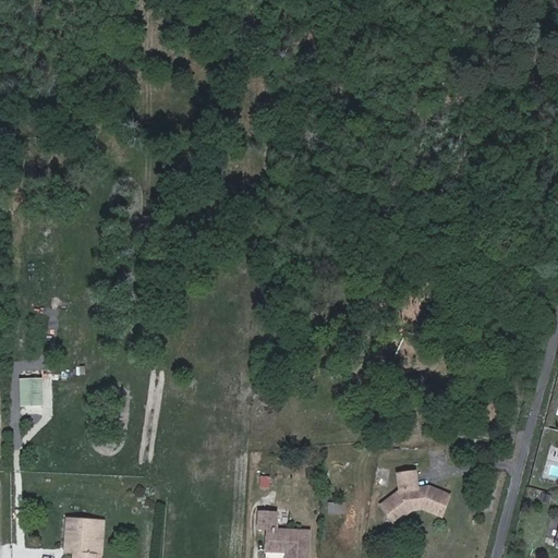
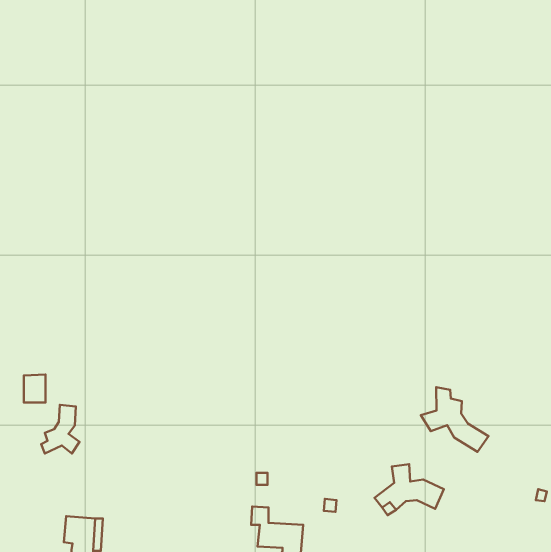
building: none -> [421,387,489,452]
building: none -> [41,405,80,454]

